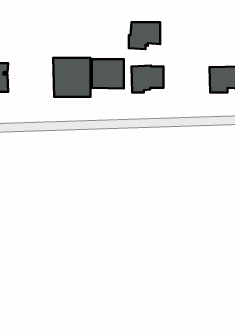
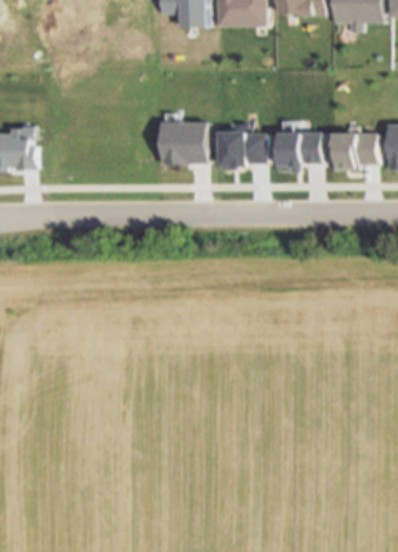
building: [129,22,160,49] -> [272,132,318,172]
building: [53,58,91,97] -> none

